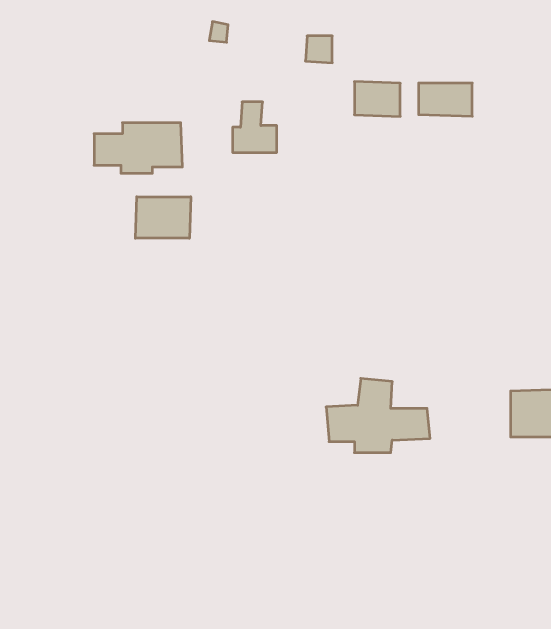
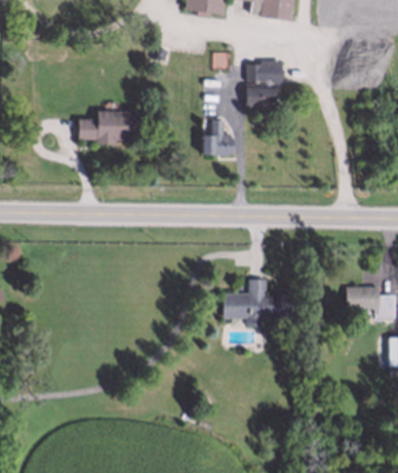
building: [419,83,472,116] -> [246,58,281,80]
building: [233,102,277,152] -> [204,119,233,152]
building: [135,197,191,238] -> none

